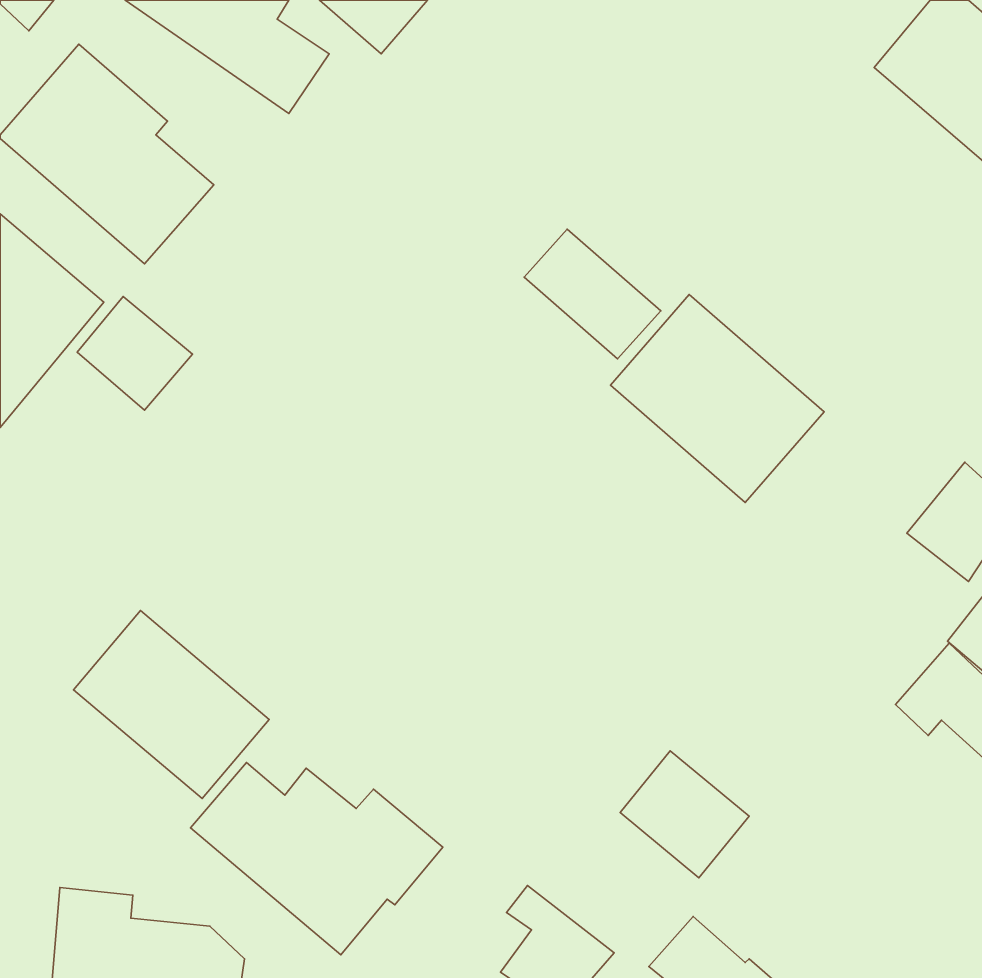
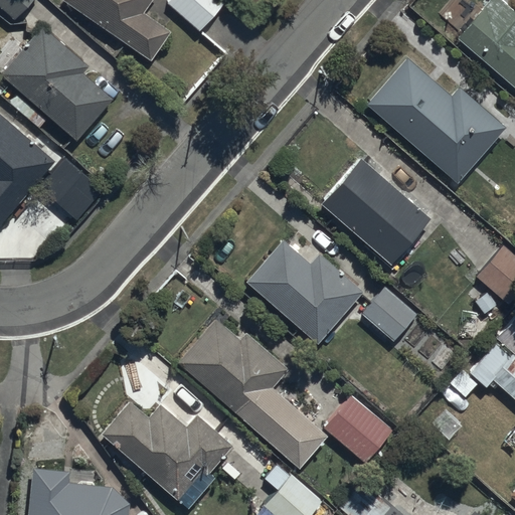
building: none -> [365,57,507,184]
building: [524,229,661,359] -> none
building: none -> [246,238,364,344]
building: none -> [356,286,417,342]
building: none -> [177,319,328,469]
building: [74,611,269,799] -> none

